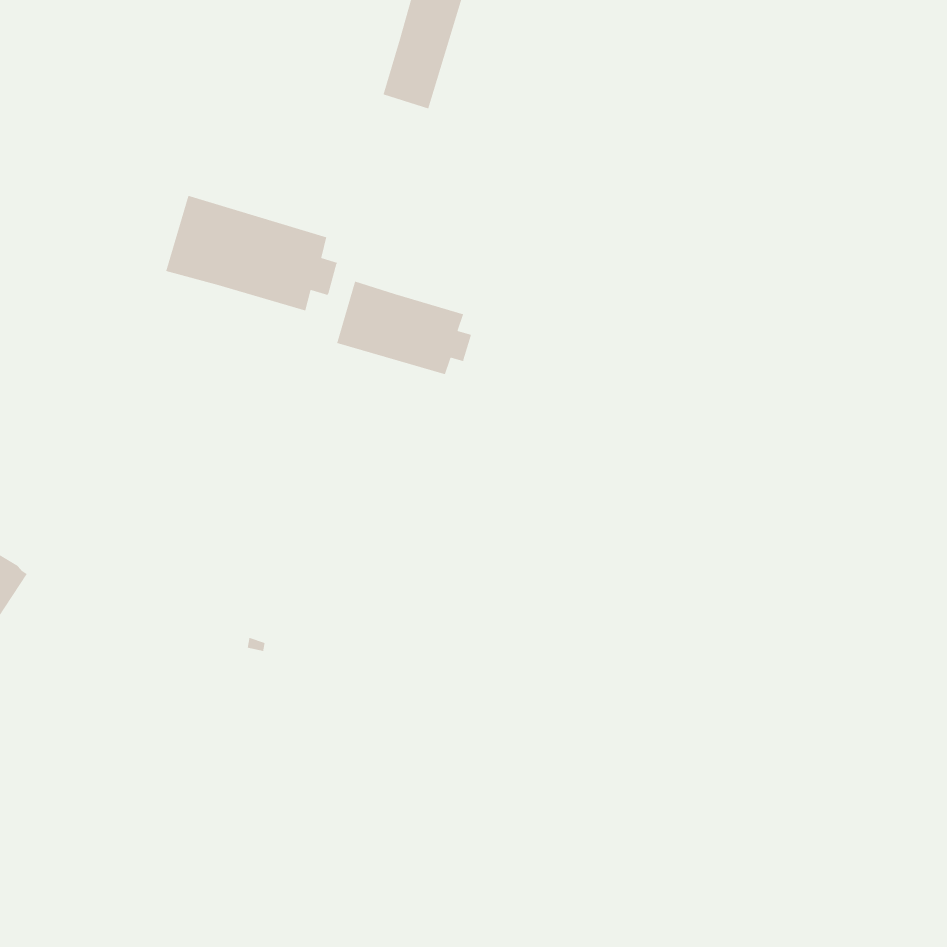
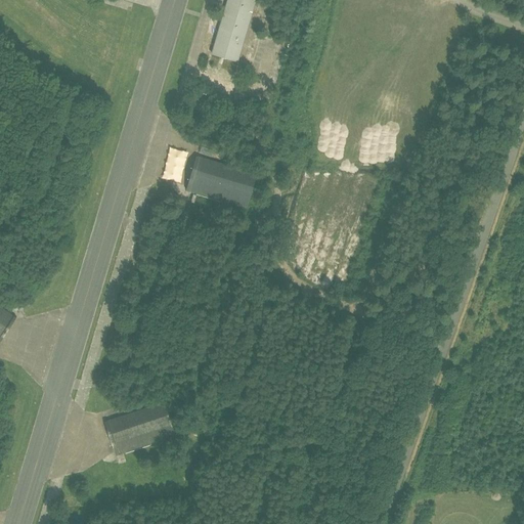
building: [165,195,339,311] -> none
building: none -> [103,400,178,454]

